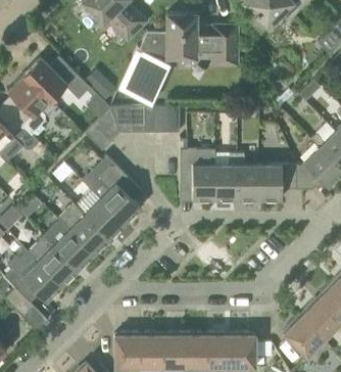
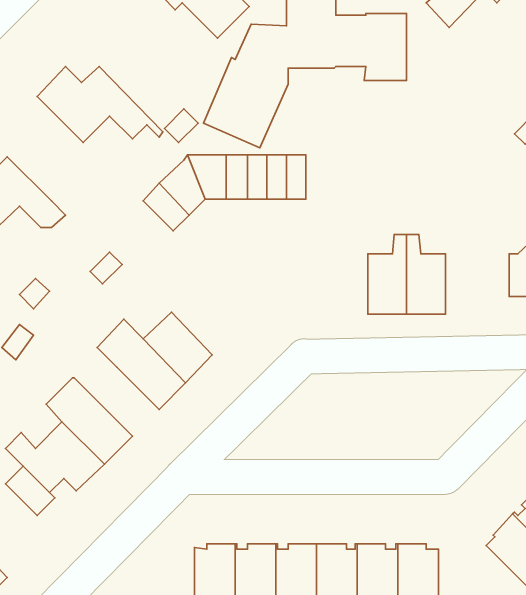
building: [6,75,50,135] -> none
building: [180,150,214,200] -> none
building: [82,162,142,224] -> none
building: [259,166,296,200] -> none
building: [45,231,94,271] -> none

